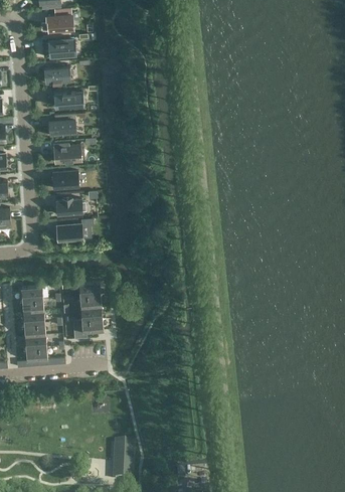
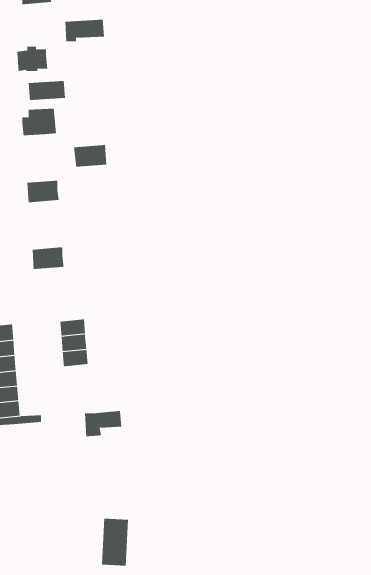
building: [42,39,74,57] -> [64,19,105,42]
building: [53,145,80,163] -> [73,145,107,167]
building: [54,198,85,215] -> none
building: [72,318,103,339] -> [84,410,122,437]

